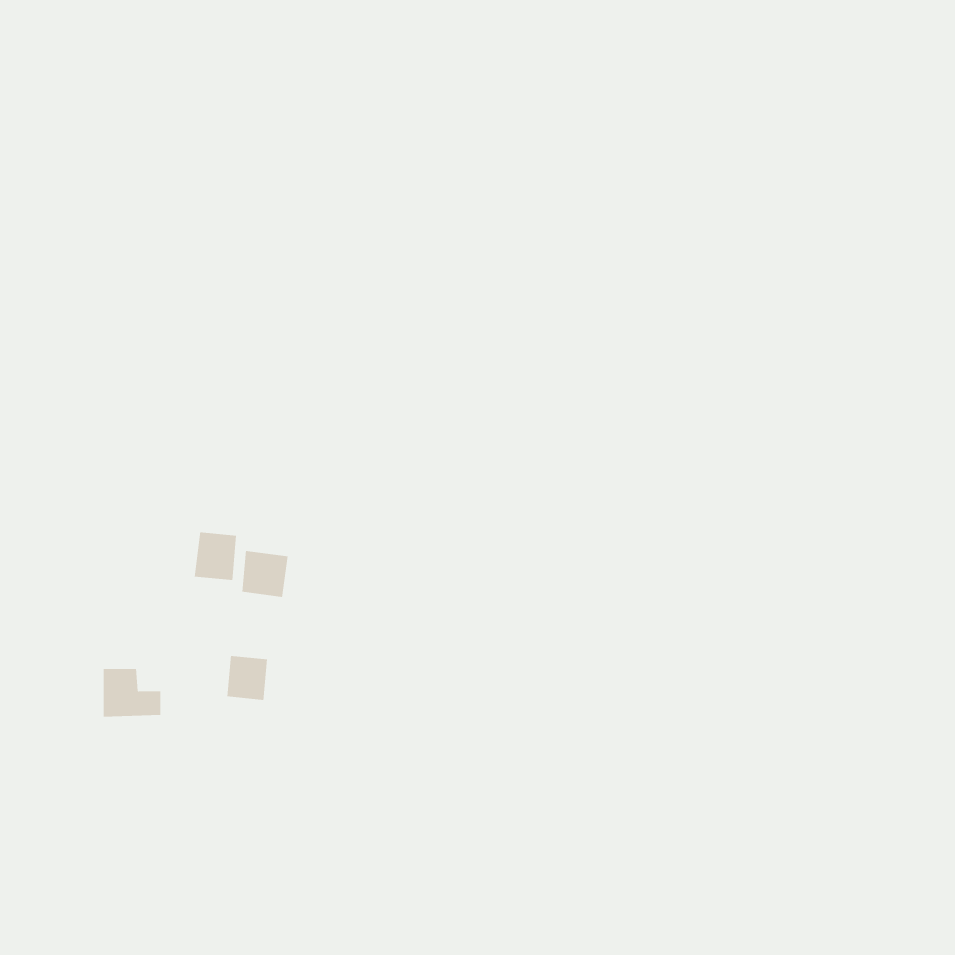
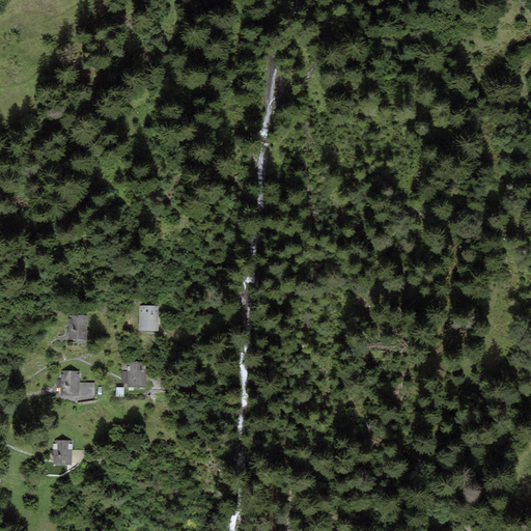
building: [194,532,237,581] -> [66,315,90,342]
building: none -> [51,440,72,465]

